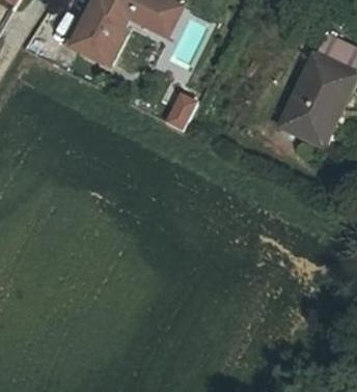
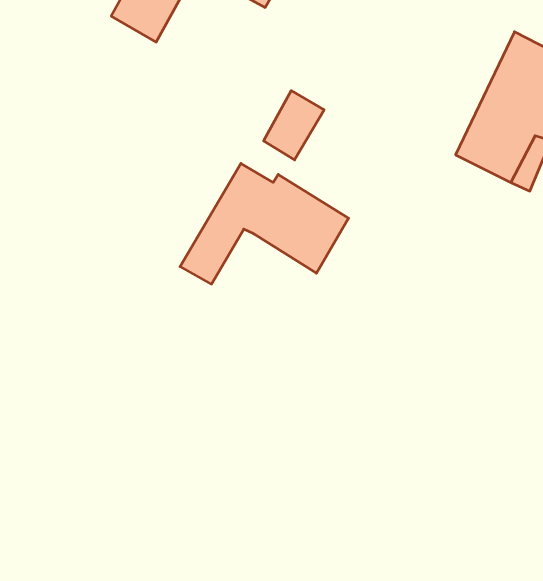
building: none -> [180,163,349,284]

